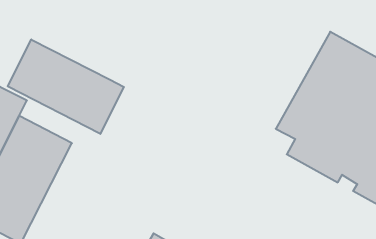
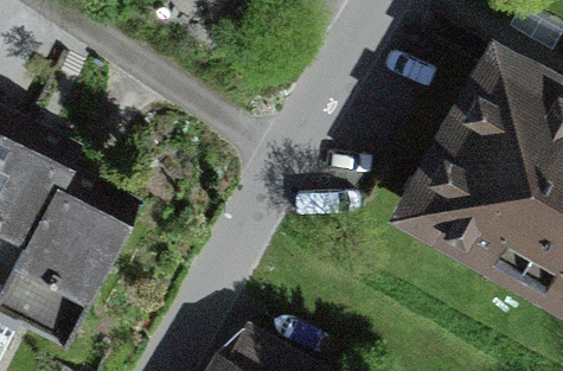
building: [8,39,124,134] -> none

